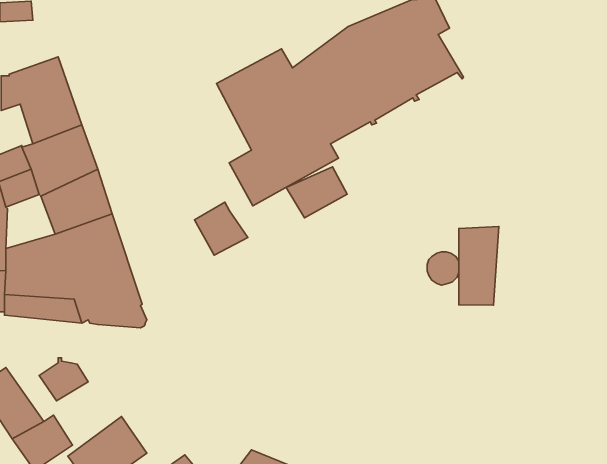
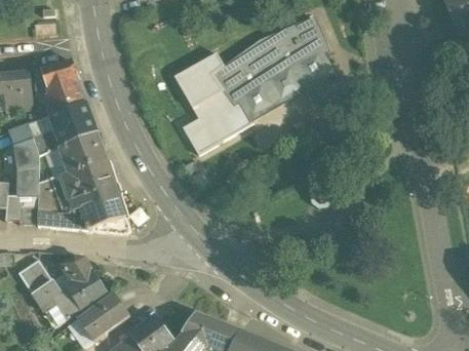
building: [286,167,347,218] -> none
building: [195,202,248,255] -> none
building: [459,227,499,305] -> none
building: none -> [66,268,107,309]

